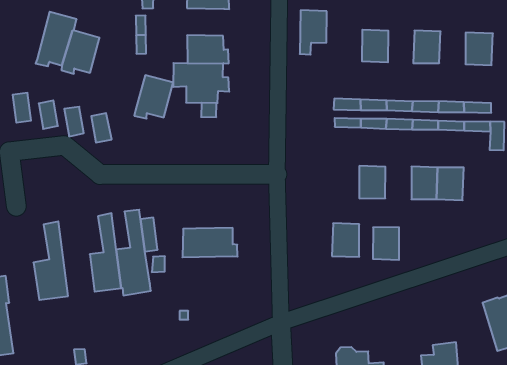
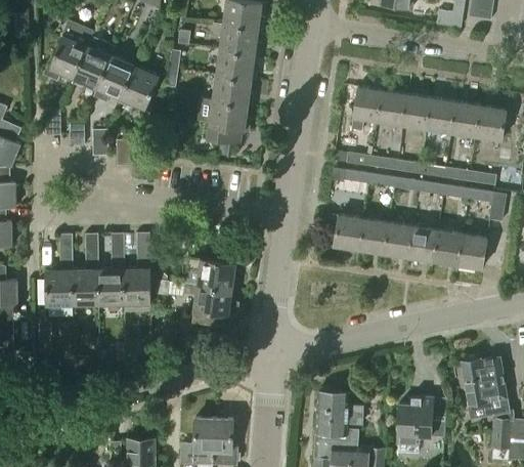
building: none -> [217,49,258,81]
building: none -> [43,32,90,82]
building: [300,10,327,55] -> [352,87,383,130]
building: none -> [403,95,432,129]
building: none -> [451,102,480,136]
building: [134,75,173,119] -> [119,67,160,109]
building: none -> [456,234,486,268]
building: none -> [73,235,98,306]
building: [332,223,359,257] -> [334,215,363,250]
building: [373,227,399,260] -> [384,223,412,257]
building: none -> [184,284,234,328]

